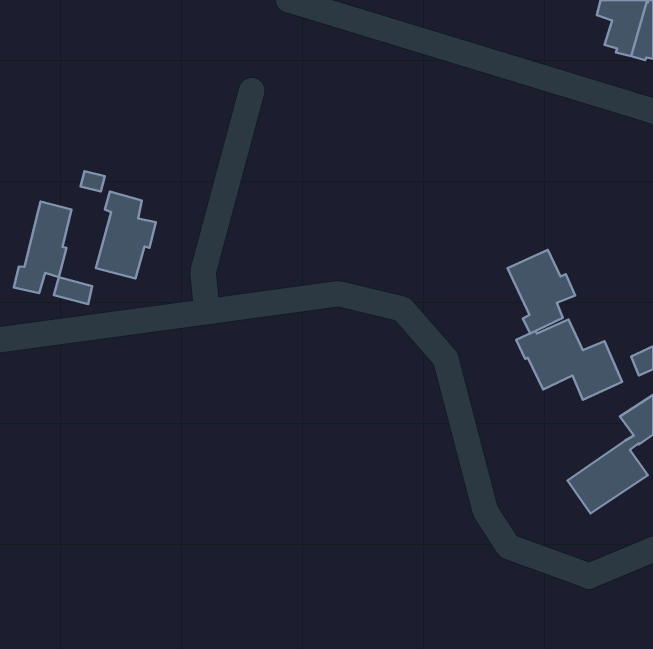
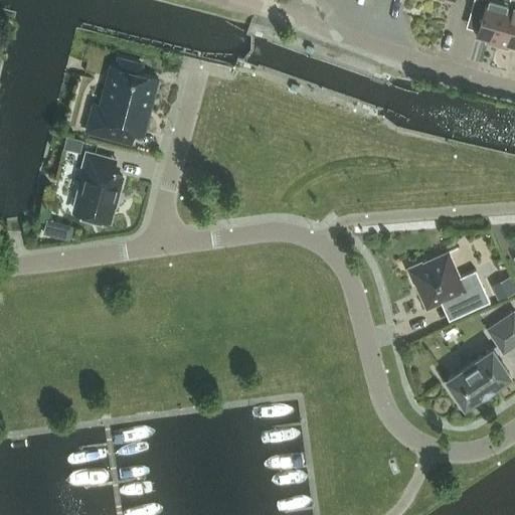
building: none -> [87,59,158,146]
building: [14,202,72,293] -> none
building: [507,250,575,333] -> none

